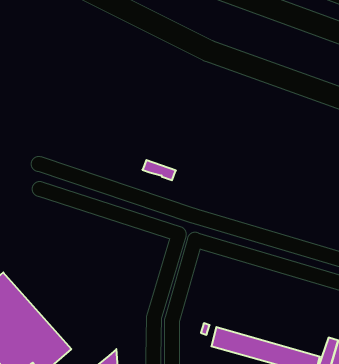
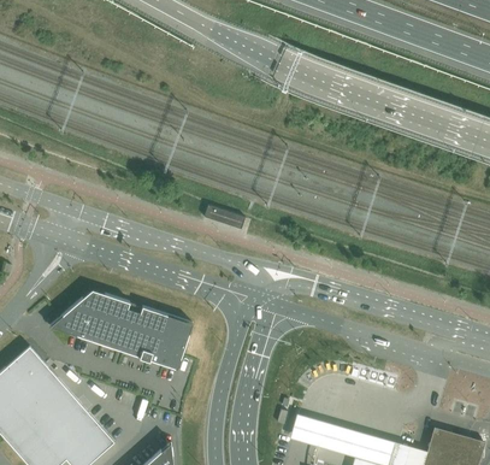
building: none -> [49,289,193,369]

